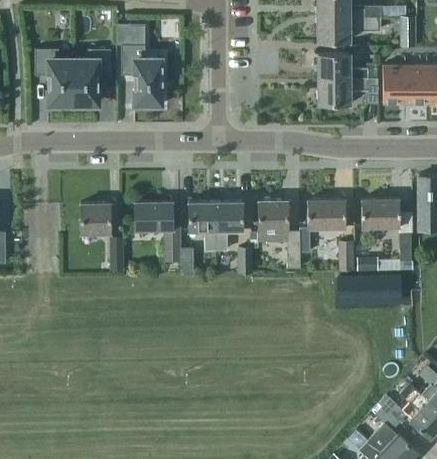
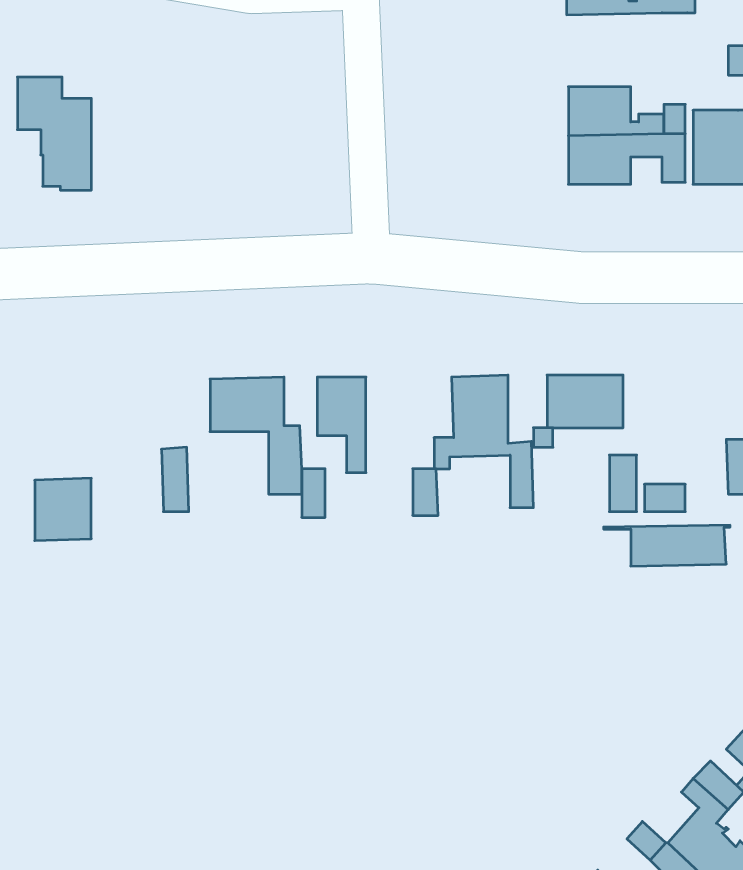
building: [317,15,379,41] -> none
building: [116,24,163,106] -> none
building: [73,49,111,107] -> none
building: [361,200,398,227] -> none
building: [214,202,242,251] -> none
building: [81,203,110,235] -> [35,478,91,541]

